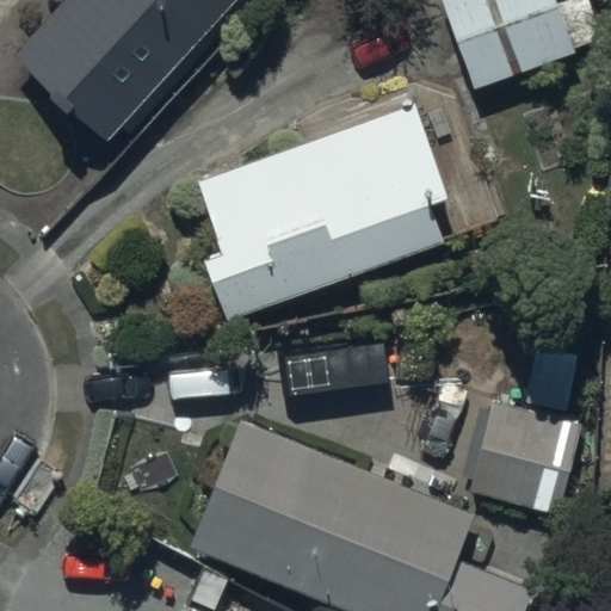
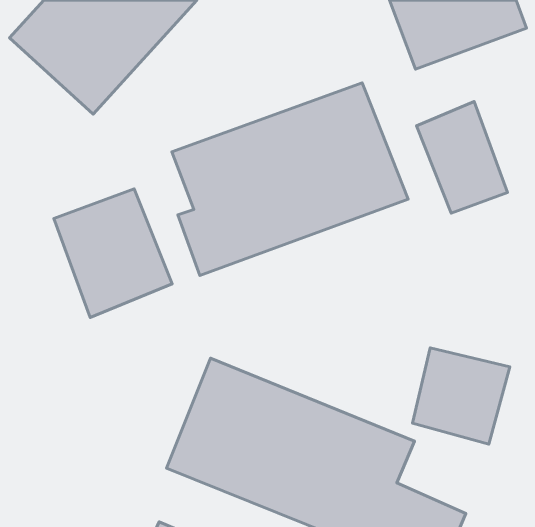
building: none -> [417,101,508,213]
building: none -> [54,189,172,318]

